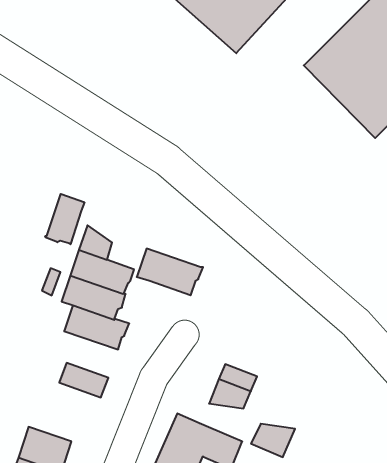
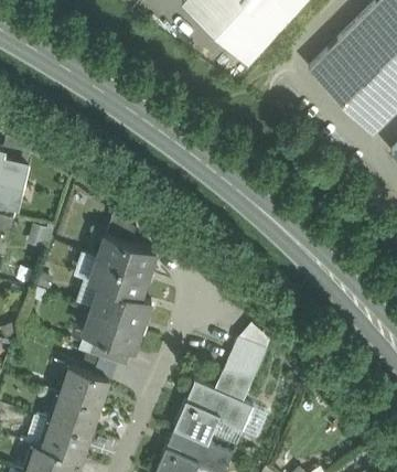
building: [45,194,84,244] -> none
building: [137,249,203,295] -> [84,309,143,351]
building: none -> [61,367,108,408]
building: [251,424,295,457] -> [214,374,254,404]

